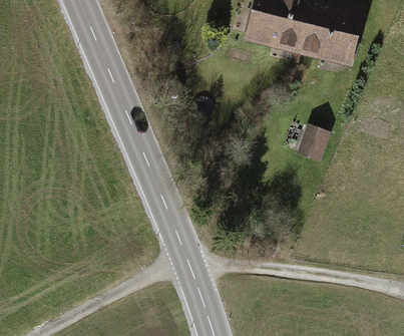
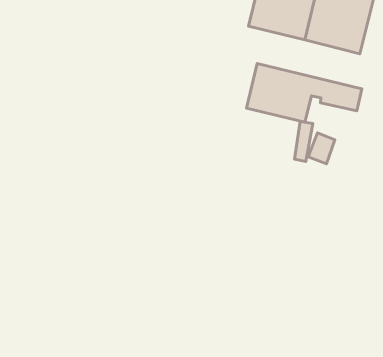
building: none -> [247,63,362,122]

